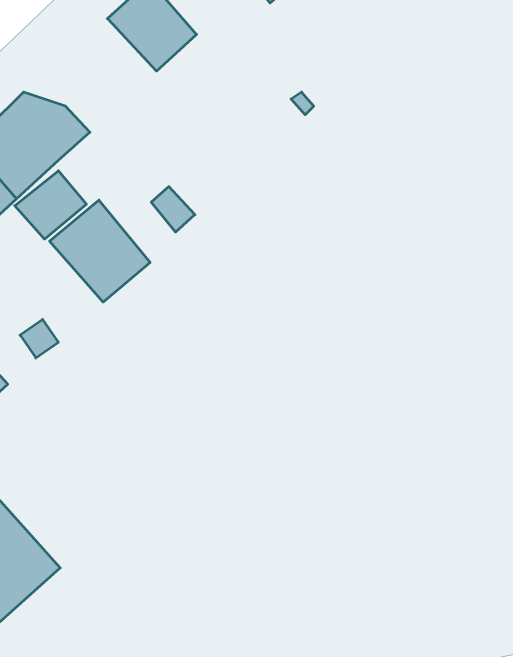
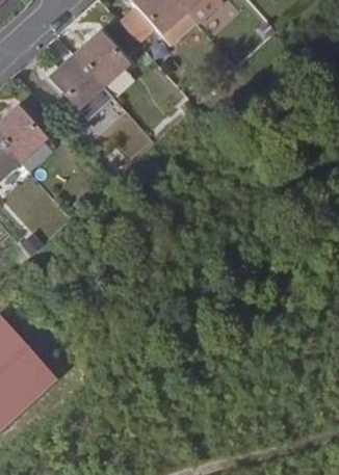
building: none -> [50,54,104,109]
building: [50,200,150,302] -> none

